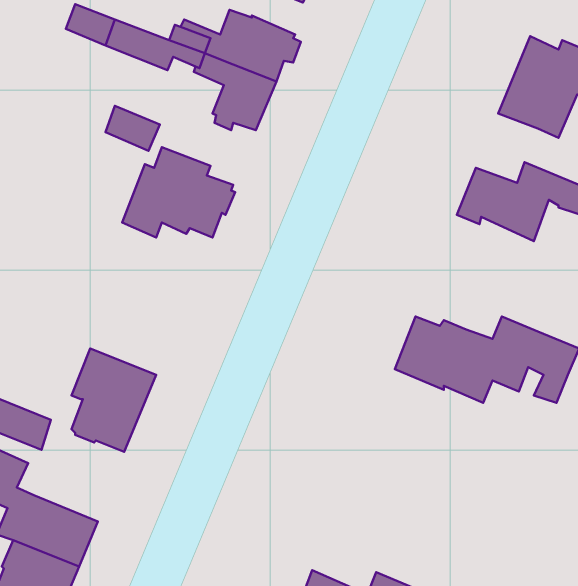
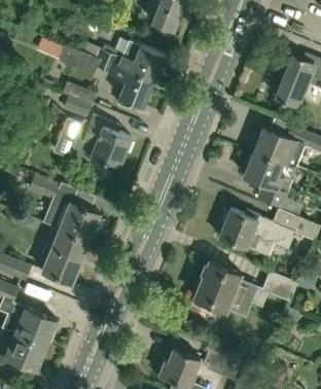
building: none -> [244,153,302,217]
building: none -> [29,177,101,241]
building: none -> [194,261,296,313]

